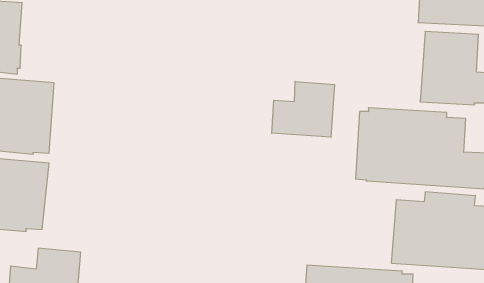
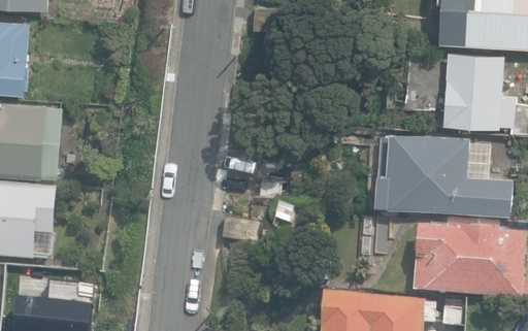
building: [272,81,334,137] -> none

